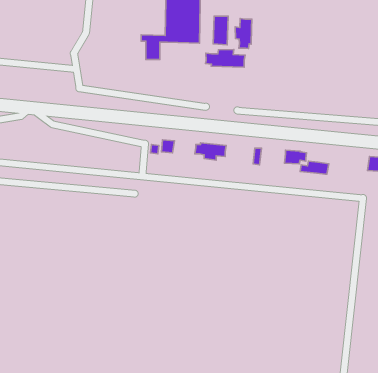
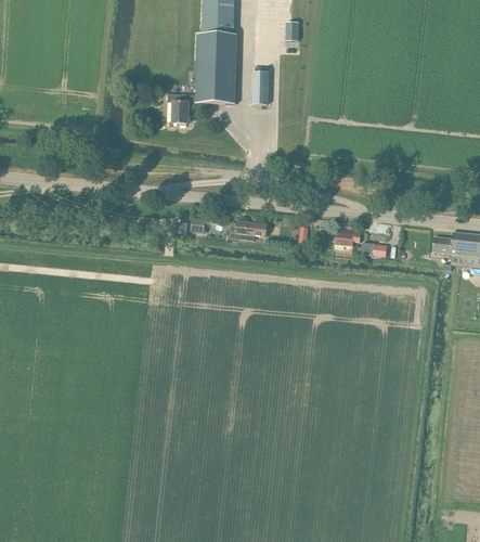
building: [235,19,252,48] -> none
building: [206,50,245,67] -> none

